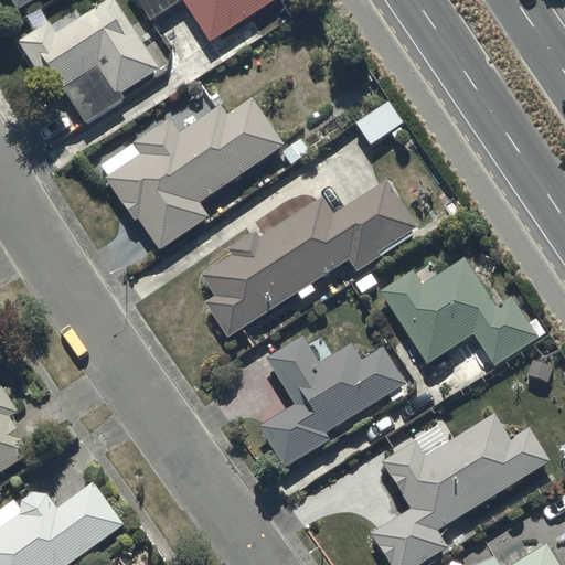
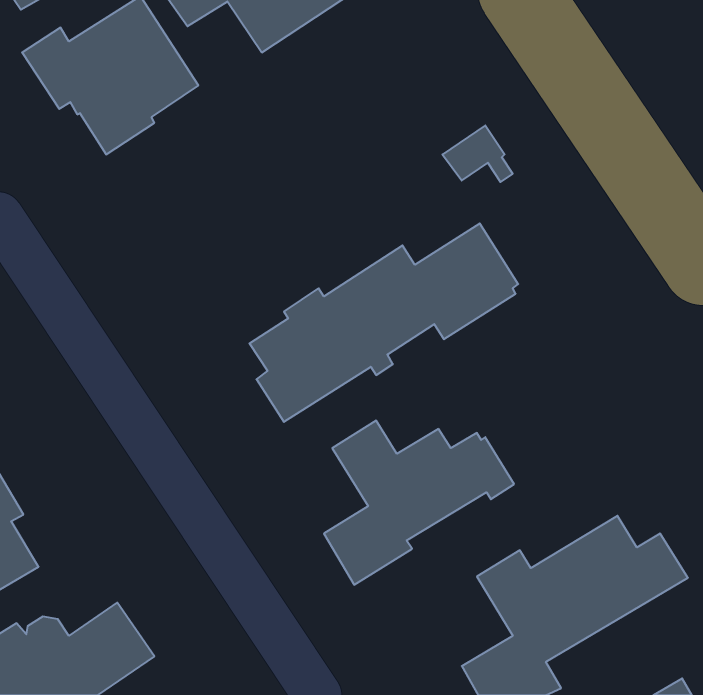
building: [102,98,284,252] -> none
building: [380,256,547,367] -> none

